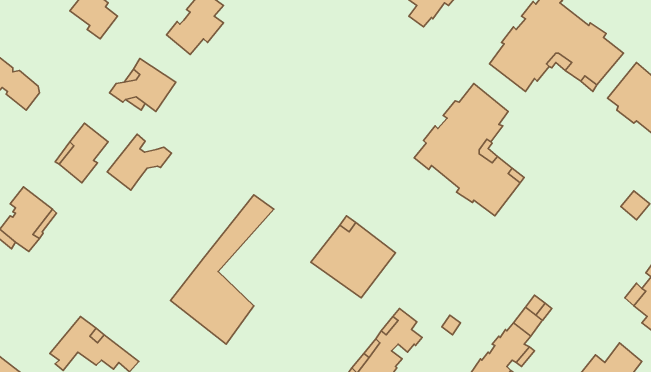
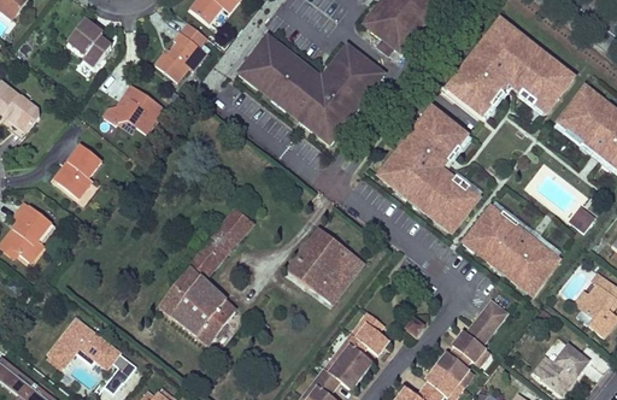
building: none -> [242,41,380,140]
building: [107,134,172,190] -> none
building: none -> [465,205,557,290]

